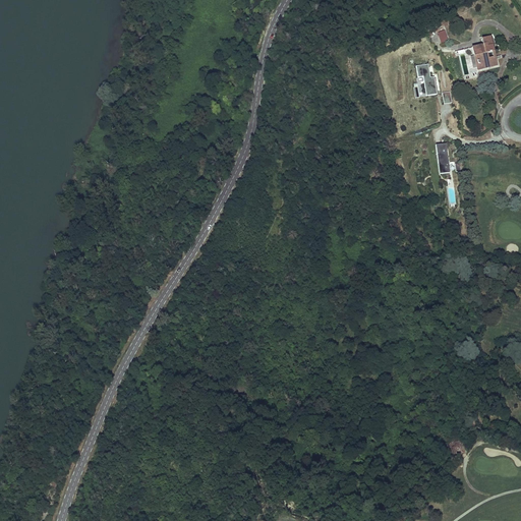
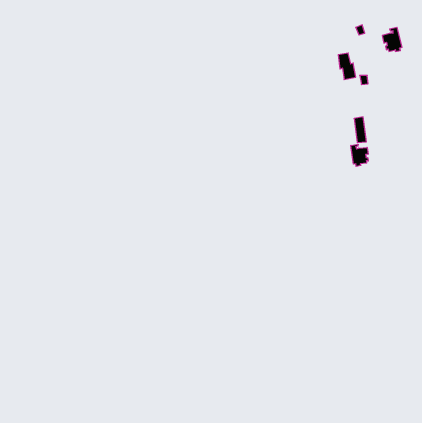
building: none -> [351,144,368,166]

